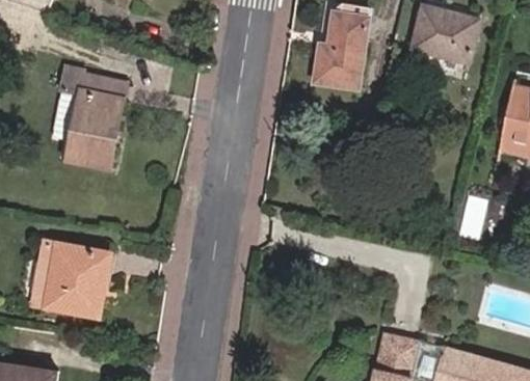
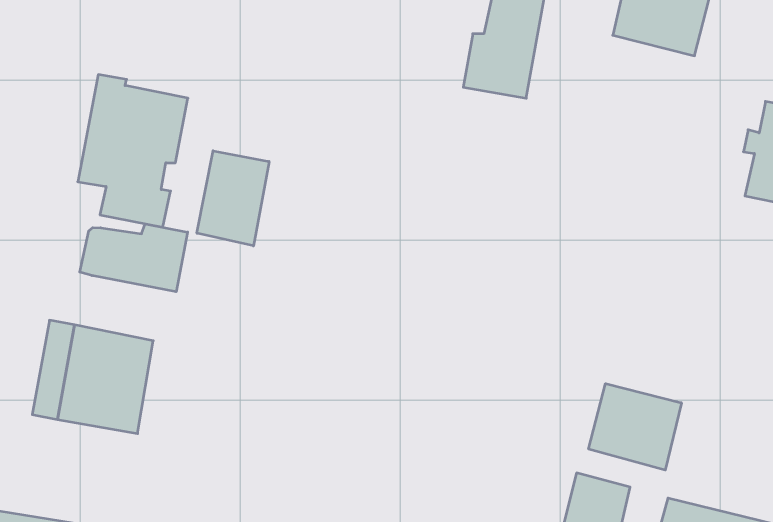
building: none -> [197,151,269,246]
building: none -> [80,224,188,292]
building: none -> [589,384,681,470]

